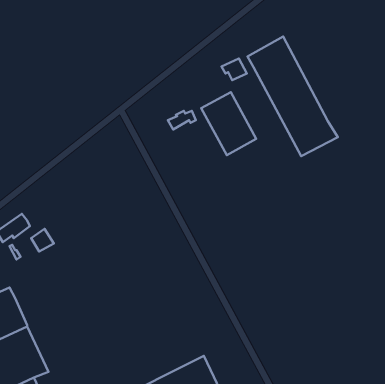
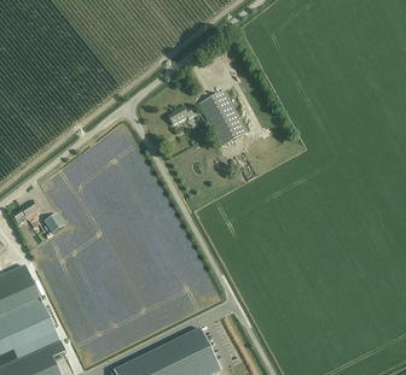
building: [248,36,338,156] -> none

